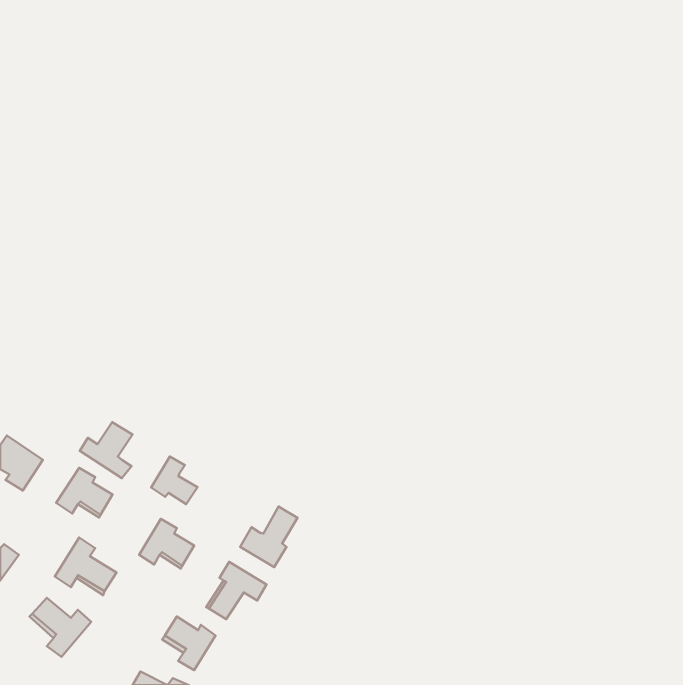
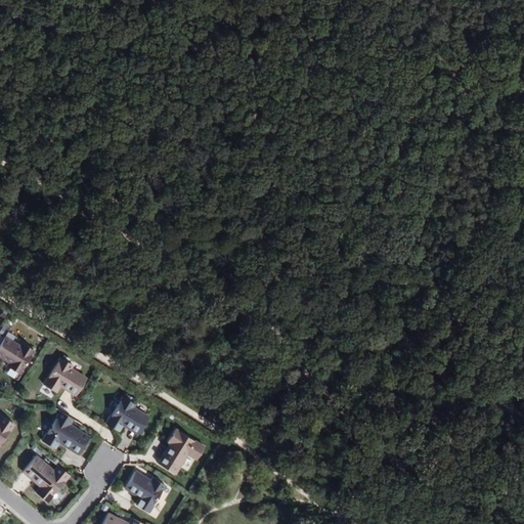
building: [80,422,133,478] -> none
building: [151,456,197,504] -> none
building: [240,506,298,567] -> none

